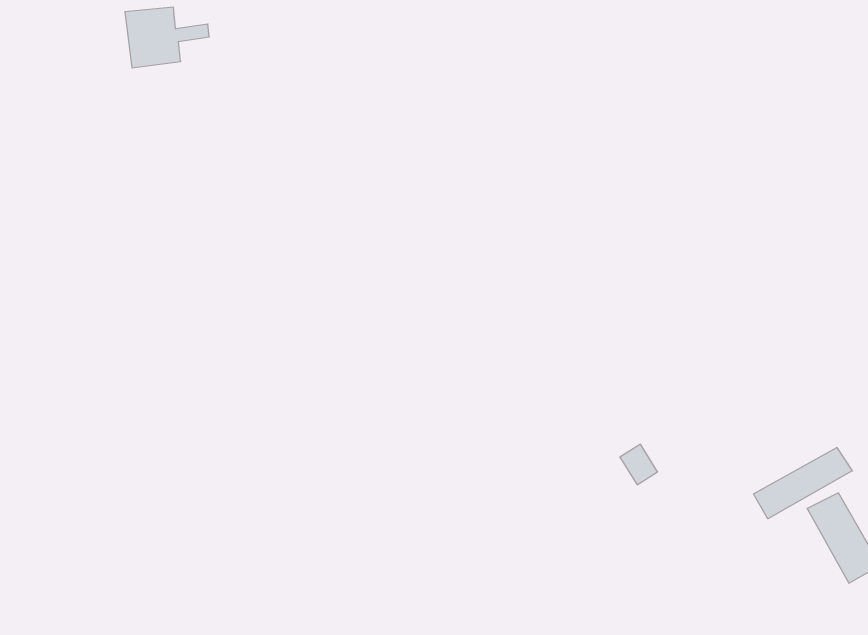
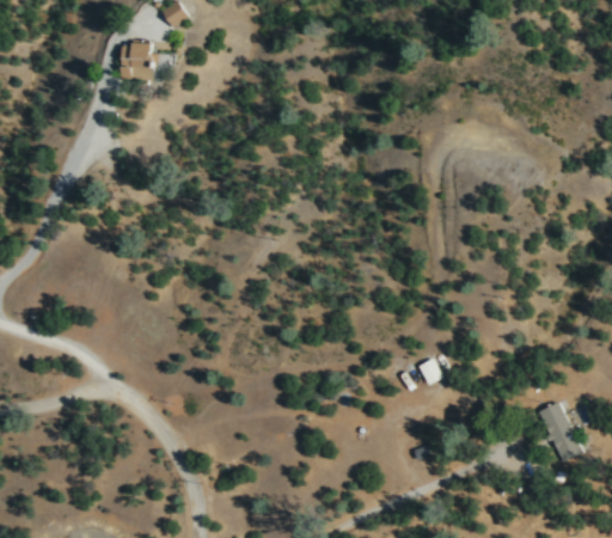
building: [754,447,852,519] -> none

